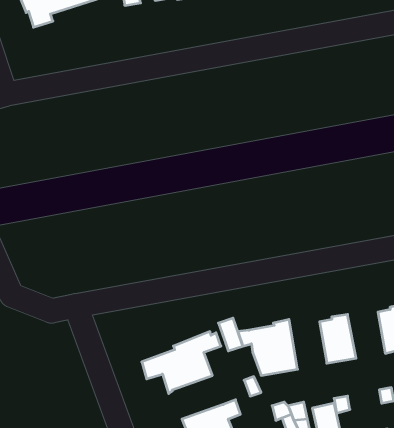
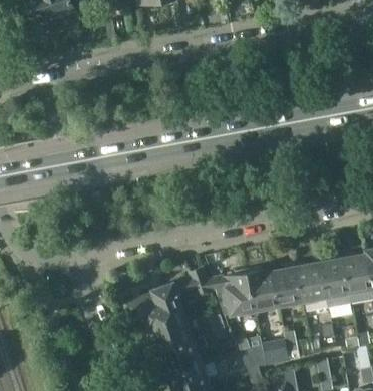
building: none -> [296,262,327,301]
building: none -> [248,267,279,310]
building: none -> [151,315,194,351]

